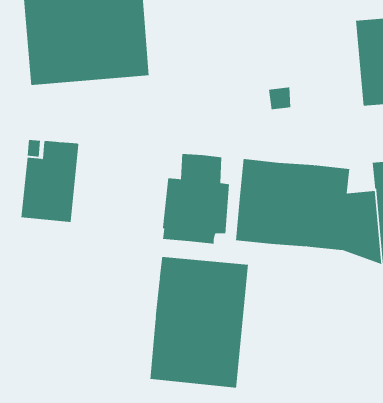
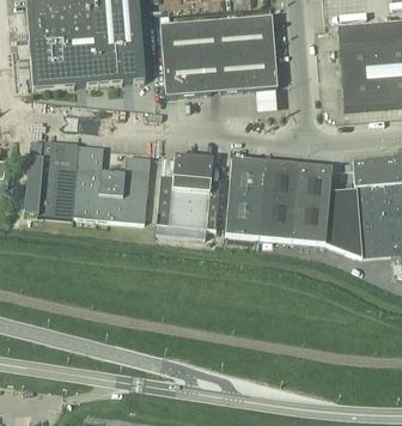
building: none -> [160,14,278,95]
building: none -> [72,144,151,221]
building: [150,256,249,389] -> none

